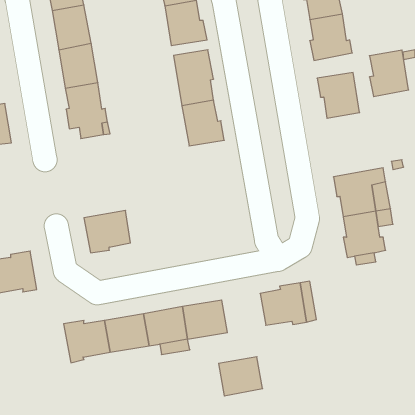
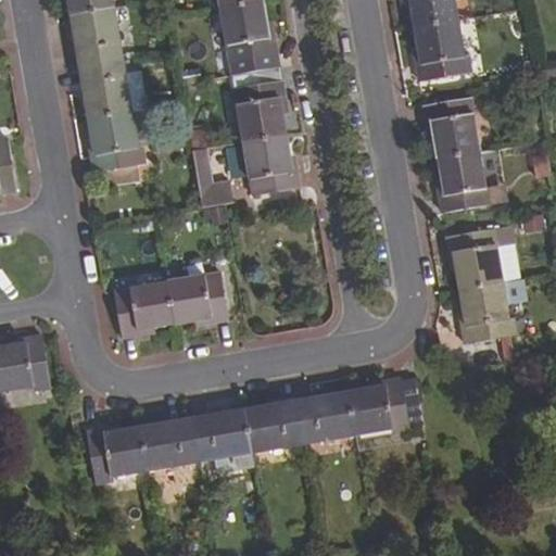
building: [369,50,409,97] -> [435,150,488,212]
building: none -> [191,148,232,206]
building: none -> [167,271,228,324]
building: [219,357,263,396] -> [295,391,354,443]

